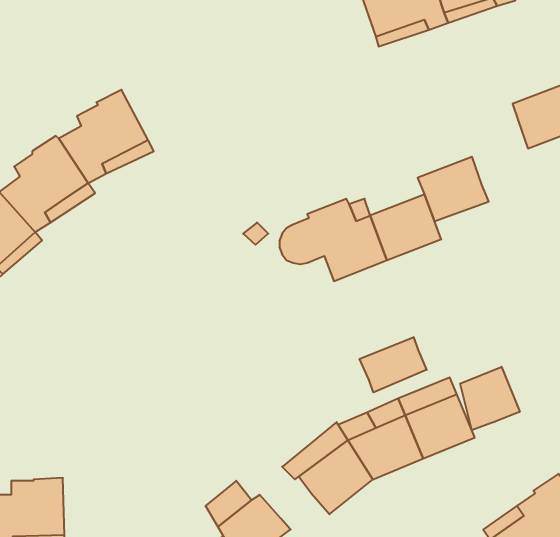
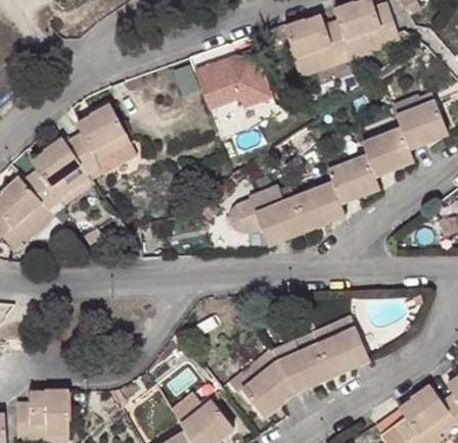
building: none -> [196,52,276,125]
building: none -> [363,128,413,175]
building: [360,337,427,392] -> none
building: [460,367,520,430] -> none

